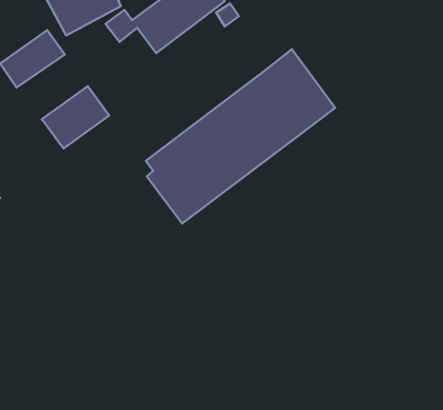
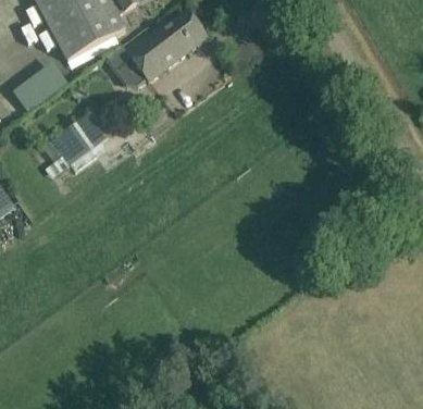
building: [146,49,335,223] -> none

